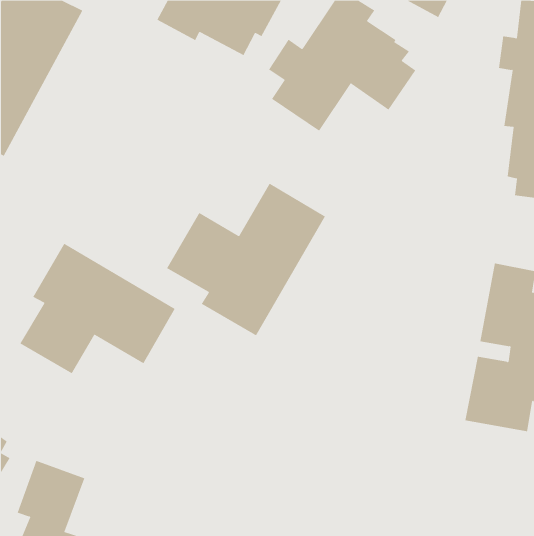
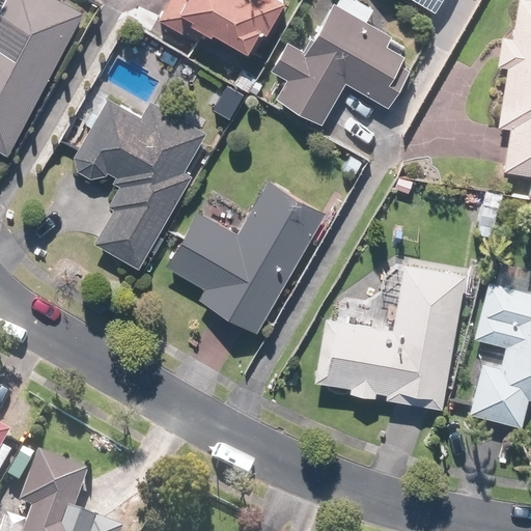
building: none -> [75,100,205,272]
building: [20,243,176,374] -> none
building: none -> [314,266,465,411]

